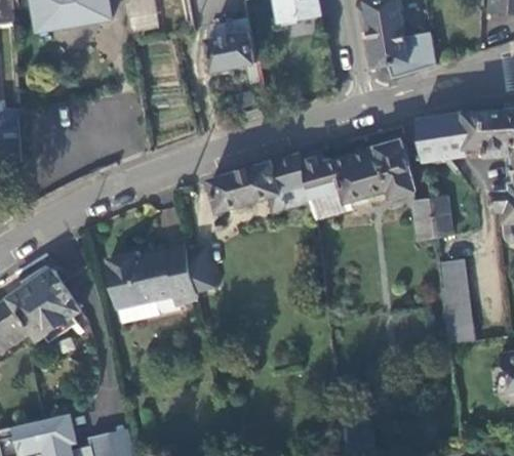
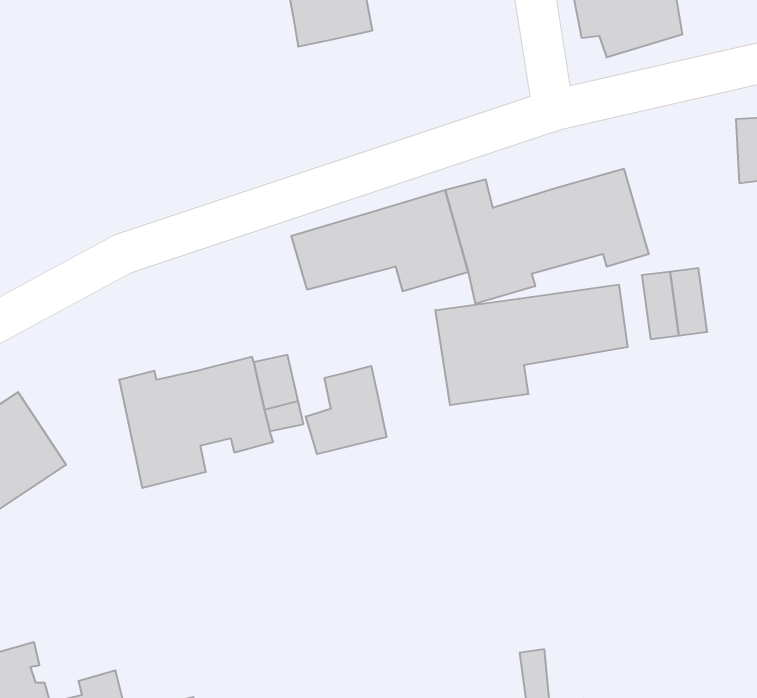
building: [417,113,468,163] -> none
building: none -> [435,285,628,405]
building: none -> [306,366,387,454]
building: [437,259,474,343] -> none

